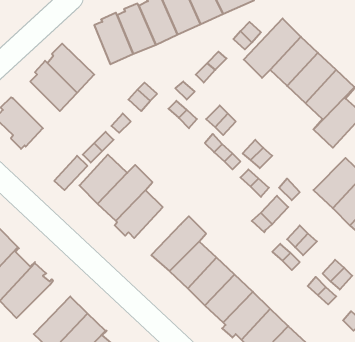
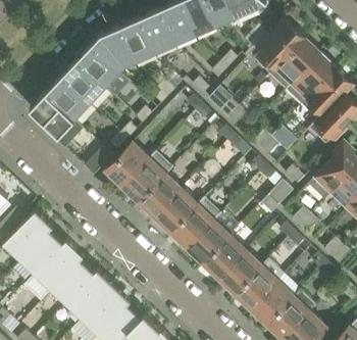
building: none -> [93,27,135,72]
building: none -> [48,77,90,120]
building: none -> [156,191,198,235]
building: none -> [51,260,99,304]

